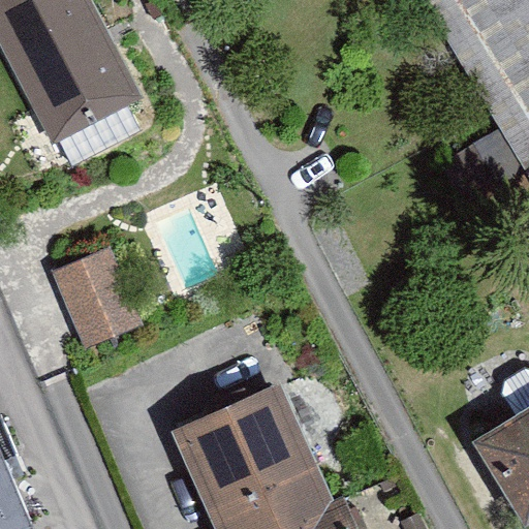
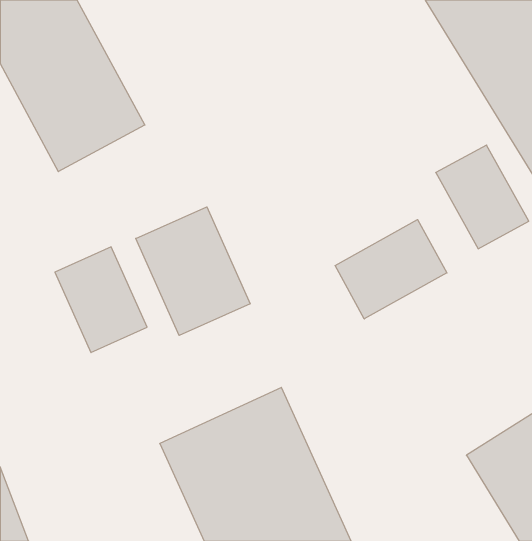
building: none -> [136,207,250,335]
building: none -> [335,220,447,319]

